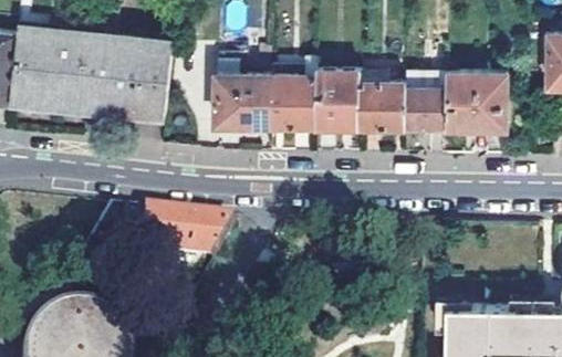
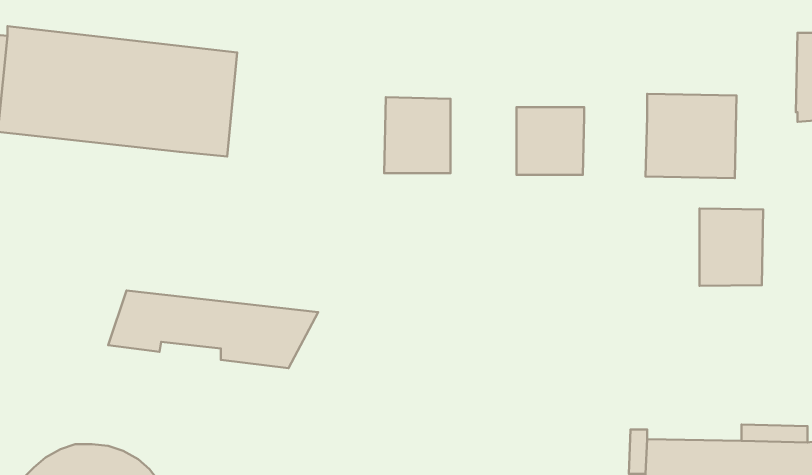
building: [316,66,362,124] -> none
building: [218,71,273,123] -> none
building: [405,85,448,125] -> none
building: none -> [699,208,763,286]

